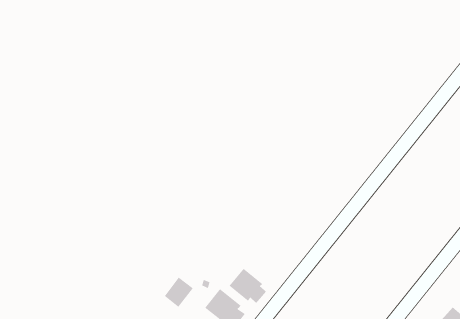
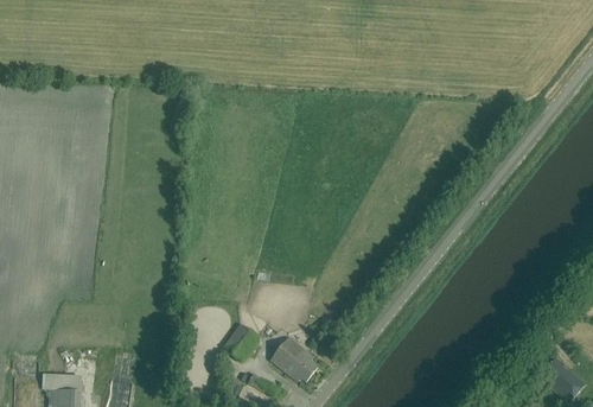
building: [228,268,267,304] -> none

